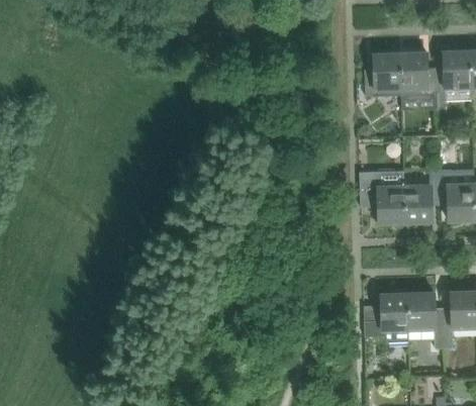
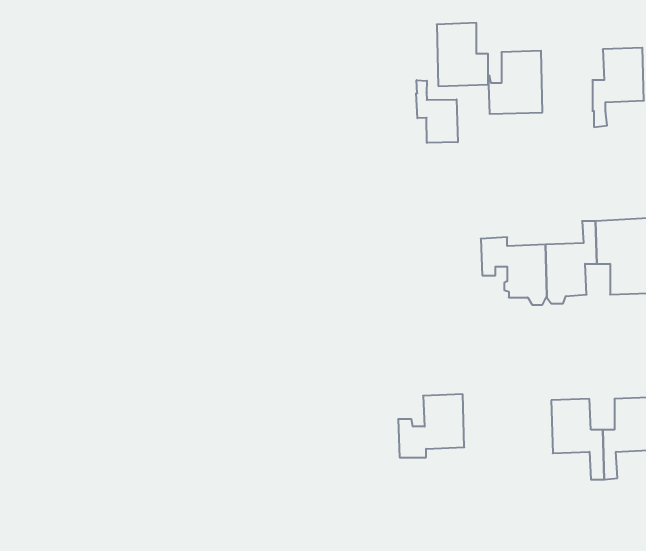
building: [401,52,437,95] -> [437,23,488,86]
building: none -> [416,80,458,143]
building: [364,293,409,336] -> [398,394,464,457]

